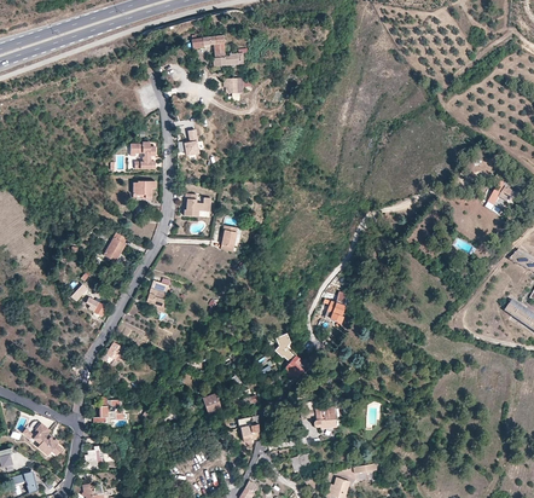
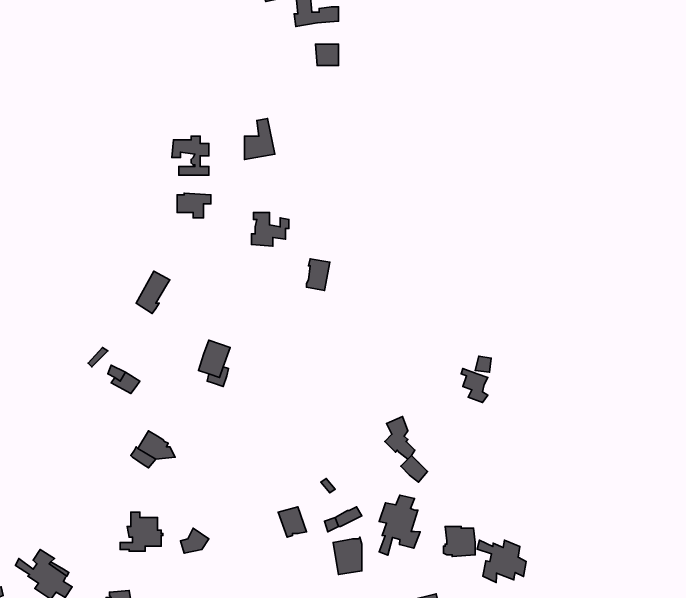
building: none -> [379,495,420,555]
building: none -> [477,540,526,582]

